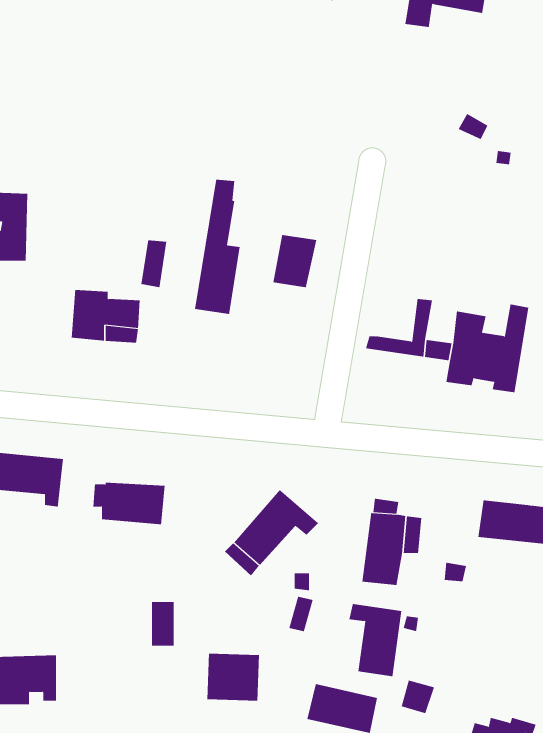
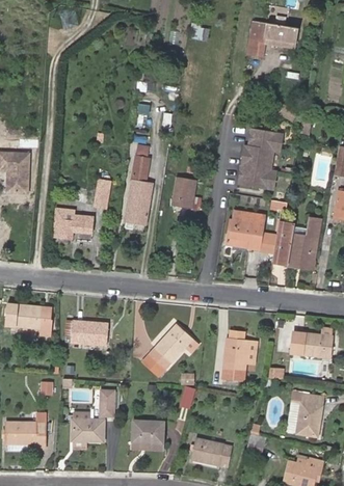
building: none -> [237,131,283,192]
building: none -> [231,211,255,239]
building: [349,604,402,677] -> [291,393,322,435]
building: none -> [72,413,104,441]

